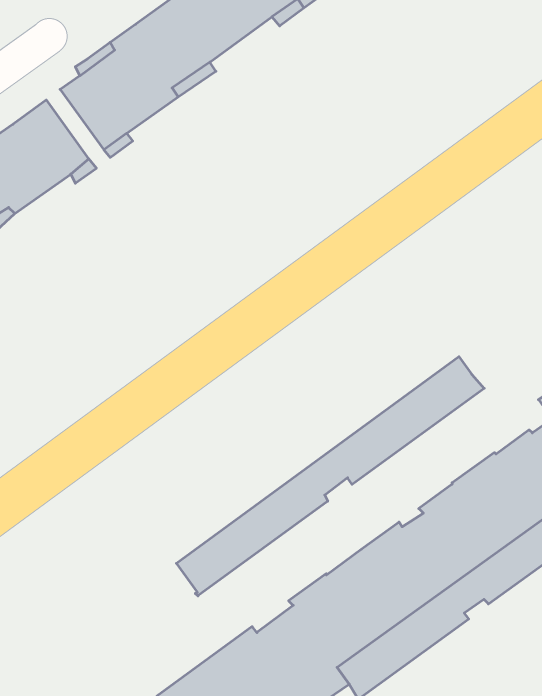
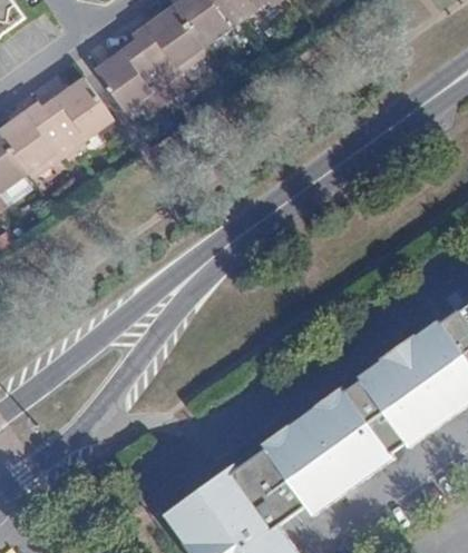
building: [176,357,484,596] -> none

